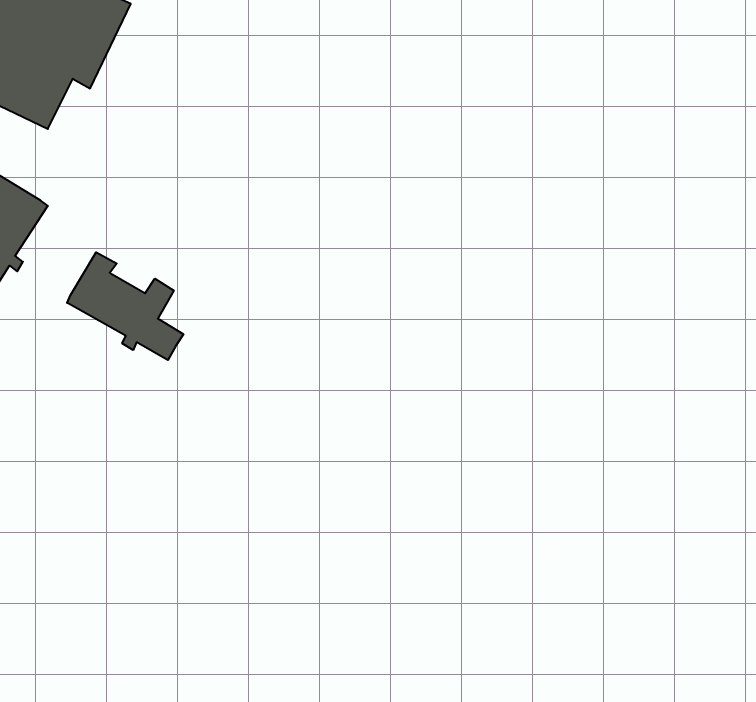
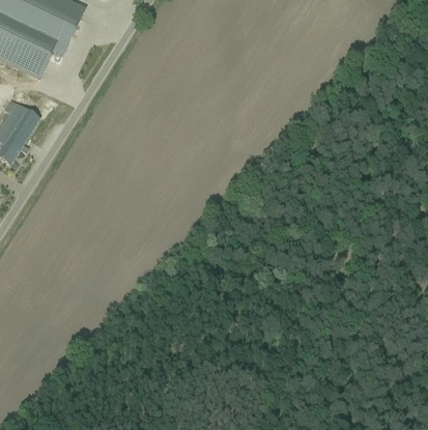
building: [67,252,183,360] -> none

